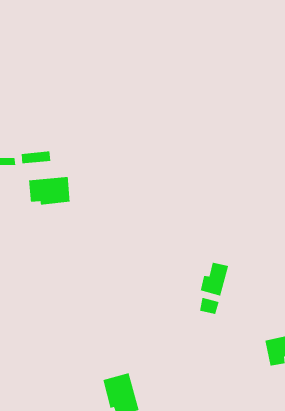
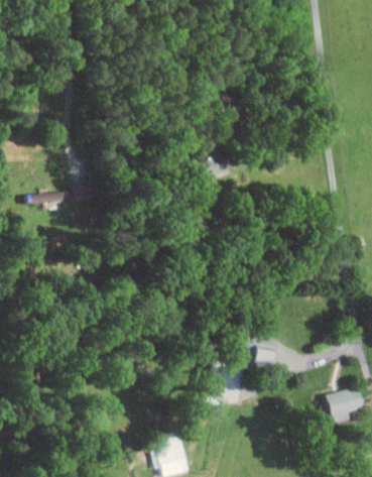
building: [29,176,70,205] -> none
building: [200,262,229,296] -> none

